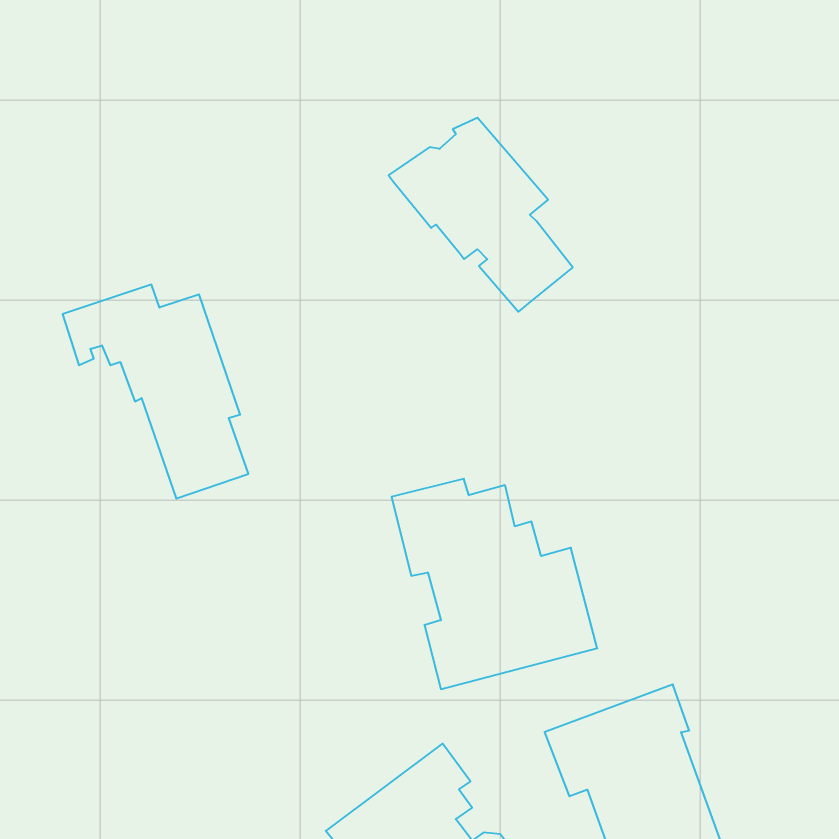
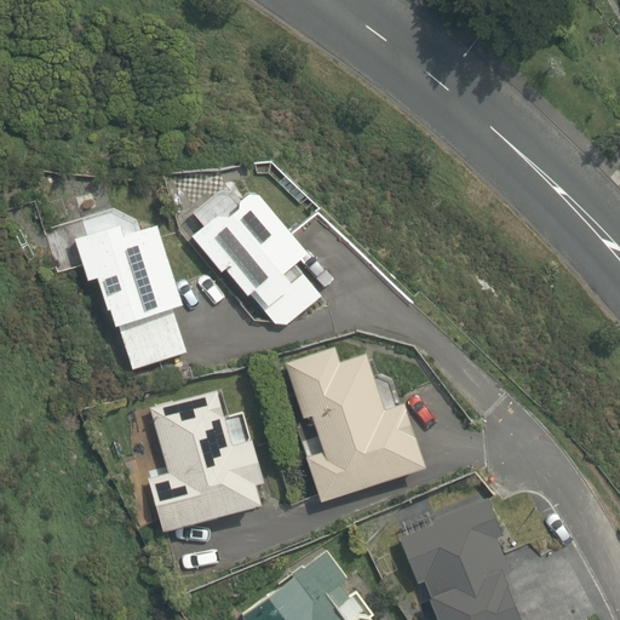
building: [389,118,573,312] -> [185,189,321,332]
building: none -> [147,388,262,529]

